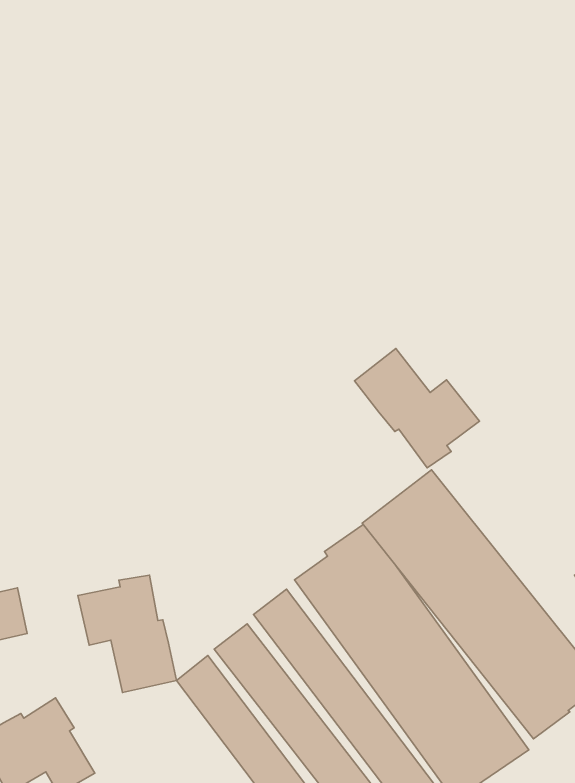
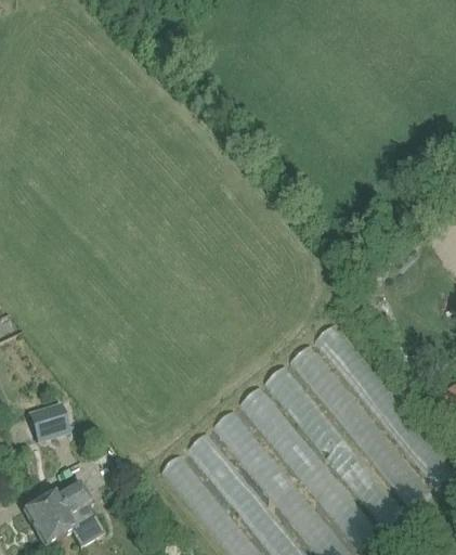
building: [355,349,480,468] -> none
building: [78,575,177,693] -> none

